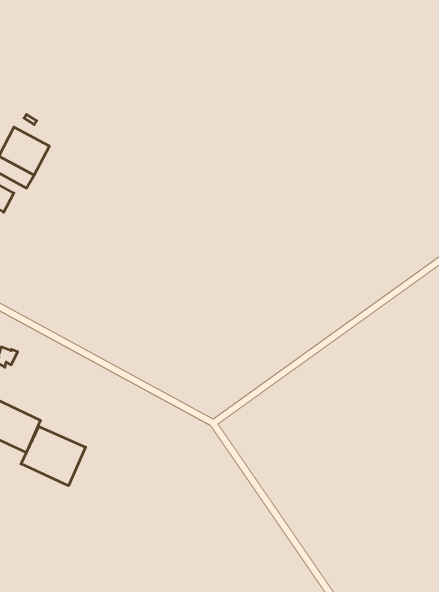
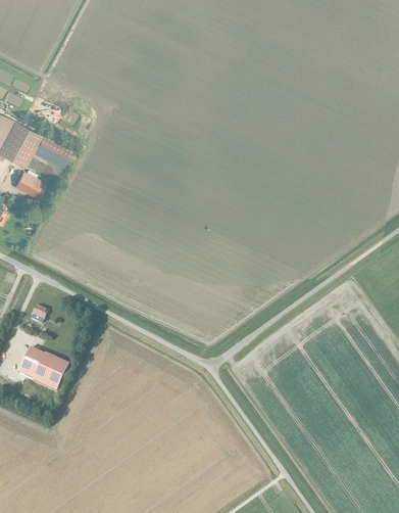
building: [21,426,86,486] -> none

